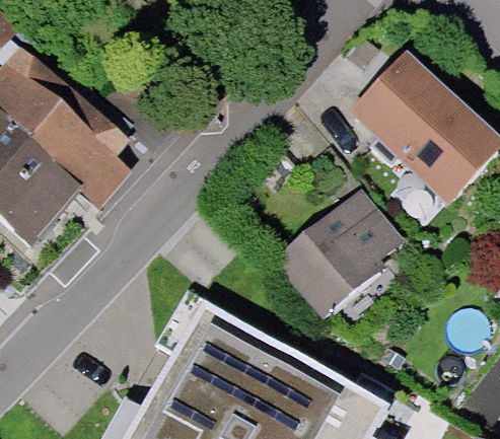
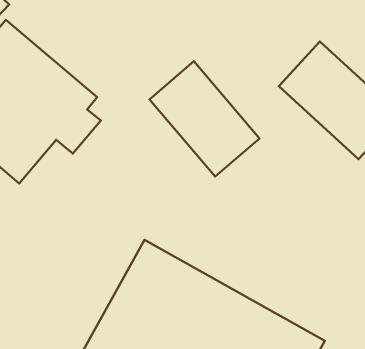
building: none -> [149,61,260,177]
building: [264,186,407,321] -> none

